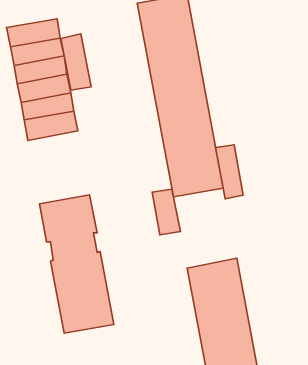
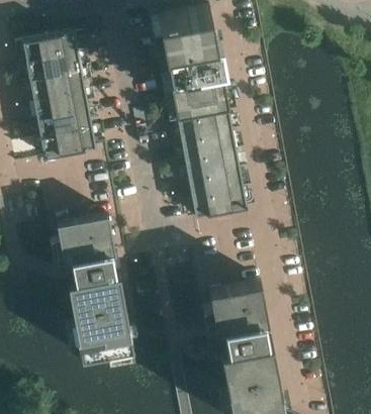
building: [61,34,91,90] -> none
building: [216,145,243,199] -> none
building: [152,189,181,235] -> none

